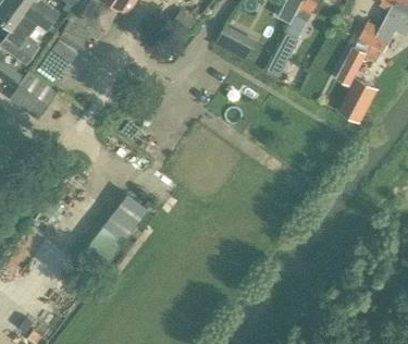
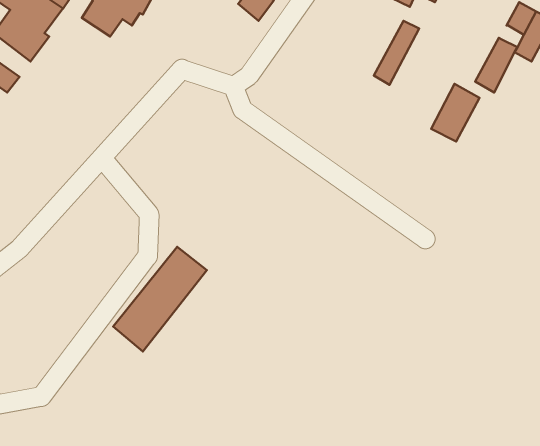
building: [215,26,257,59] -> none
building: [10,71,58,119] -> none
building: [341,79,374,120] -> [431,84,479,141]

